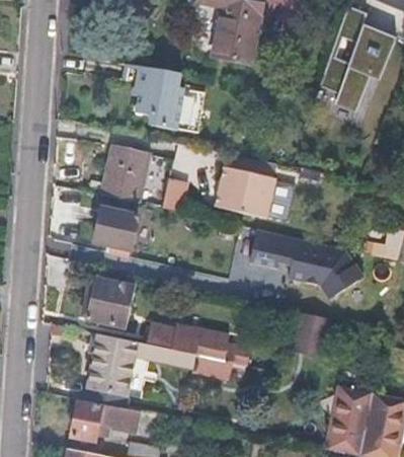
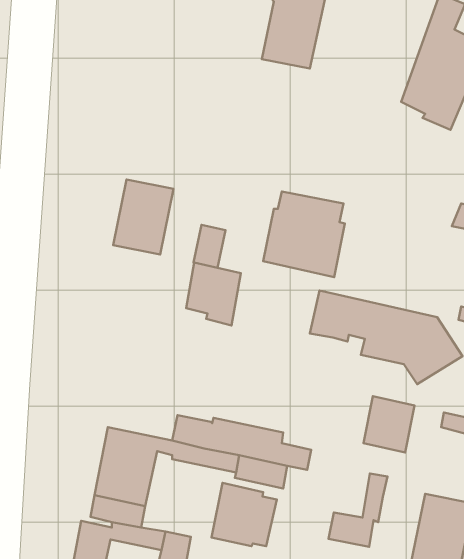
building: [131,65,203,130] -> none
building: [95,207,137,254] -> [186,263,241,325]
building: [87,281,135,326] -> none
building: none -> [329,474,387,547]
building: none -> [211,483,277,546]

